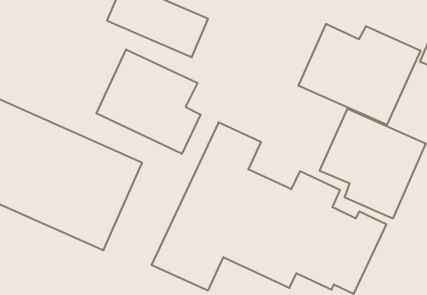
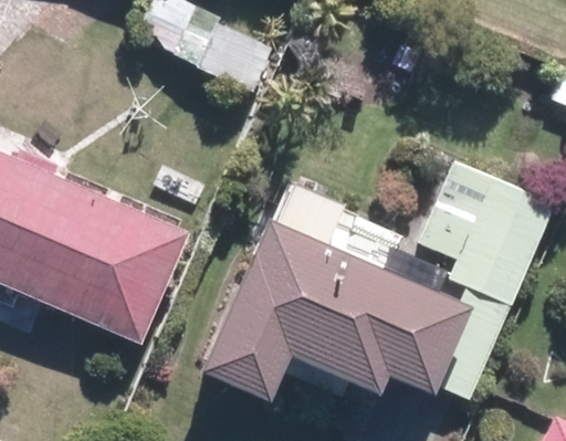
building: [299,24,421,125] -> none
building: [96,49,201,154] -> none

